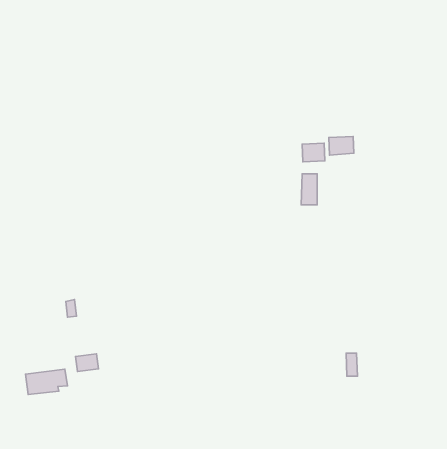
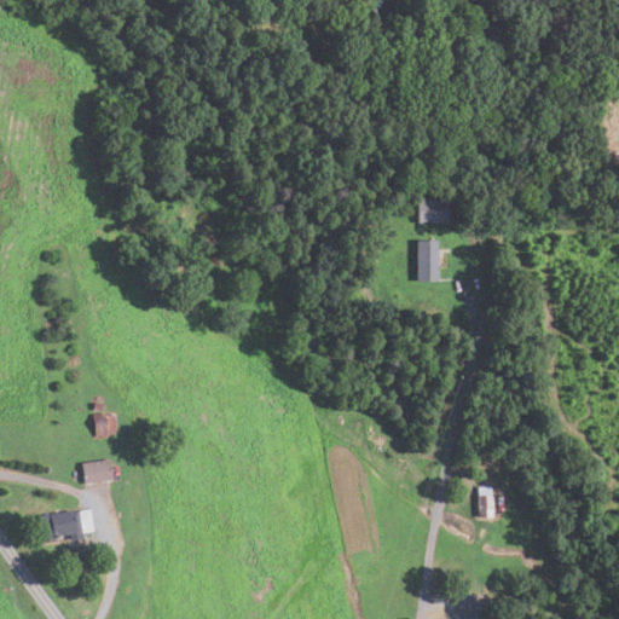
building: [329,136,354,155] -> none
building: [76,354,98,371] -> [82,459,114,484]

